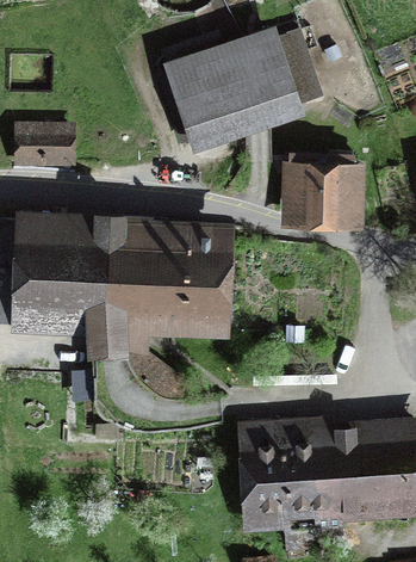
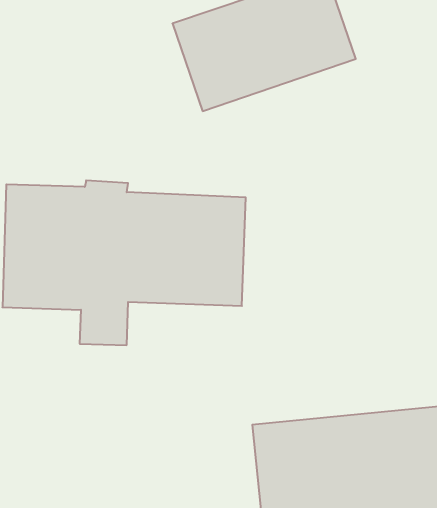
building: [18,124,77,163] -> none
building: [291,156,372,223] -> none

